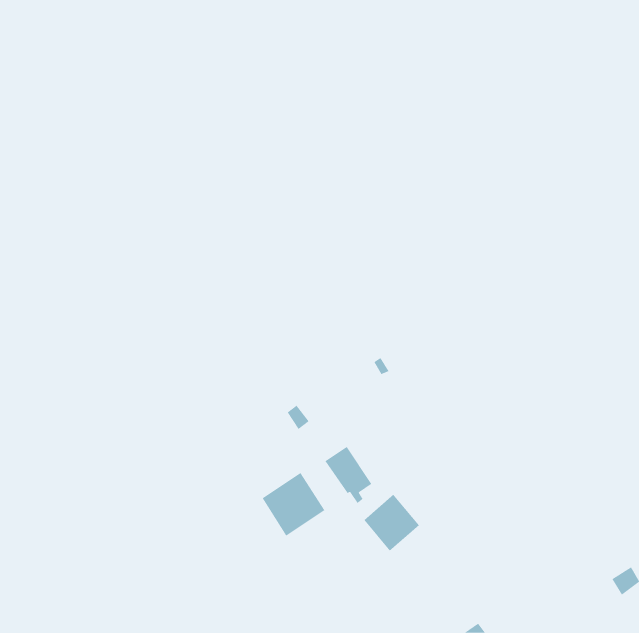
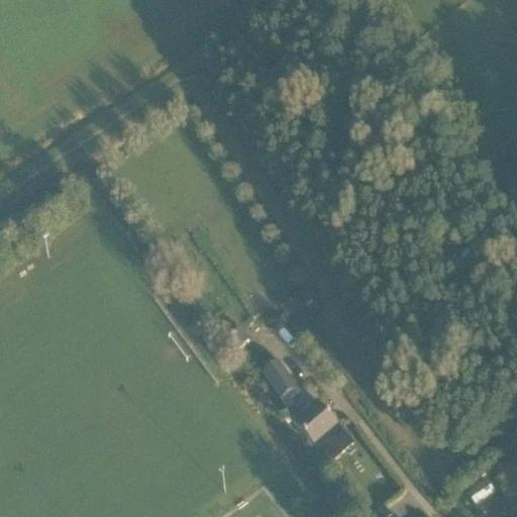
building: [262,472,325,536] -> none

